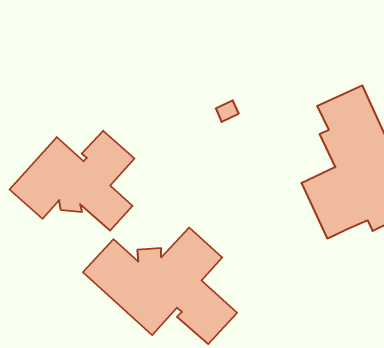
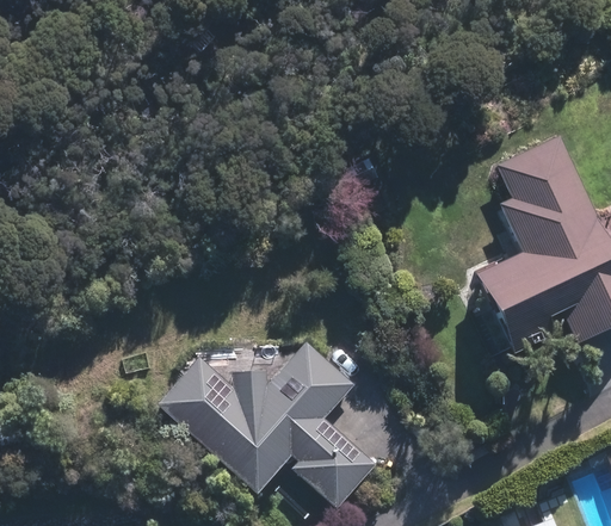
building: [10,131,134,231] -> none

